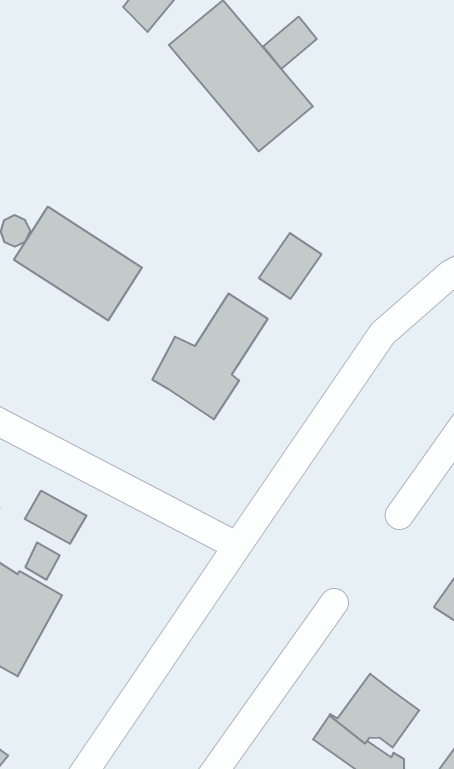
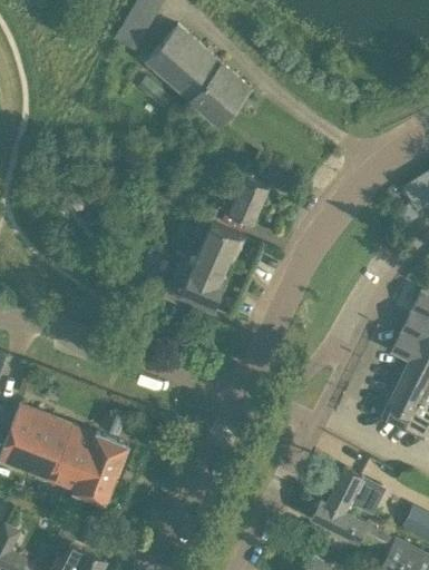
building: [263,17,317,69] -> none
building: [14,207,142,321] -> none
building: [25,491,86,544] -> none

